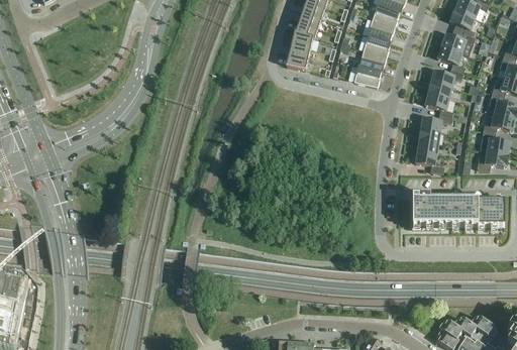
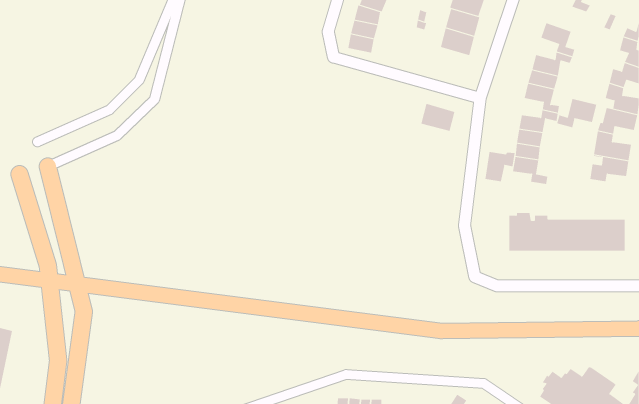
building: [441,33,474,54] -> none
building: [353,65,382,87] -> [421,103,457,132]
building: none -> [557,98,597,128]
building: none -> [485,151,515,182]

